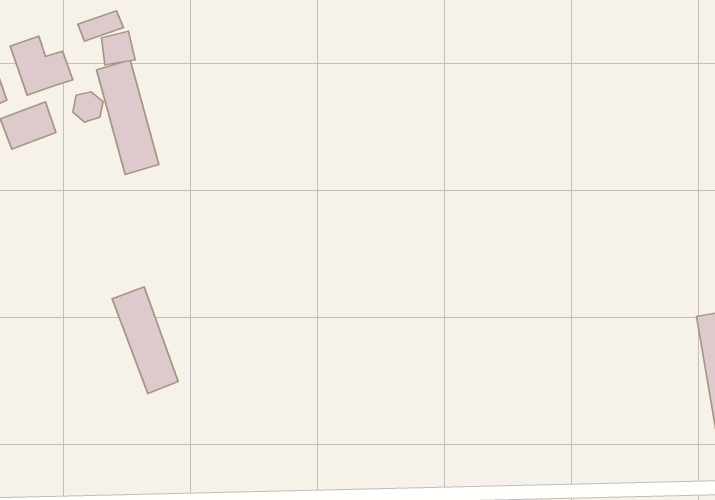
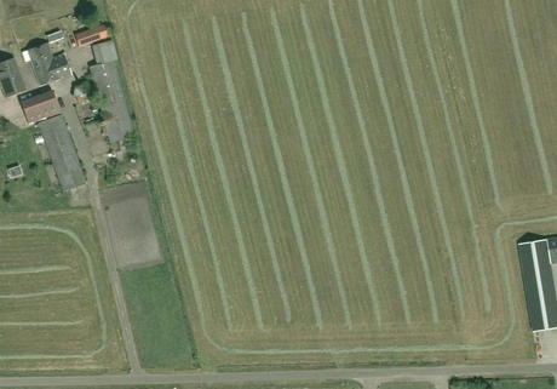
building: [112,287,178,393] -> [39,114,86,190]

